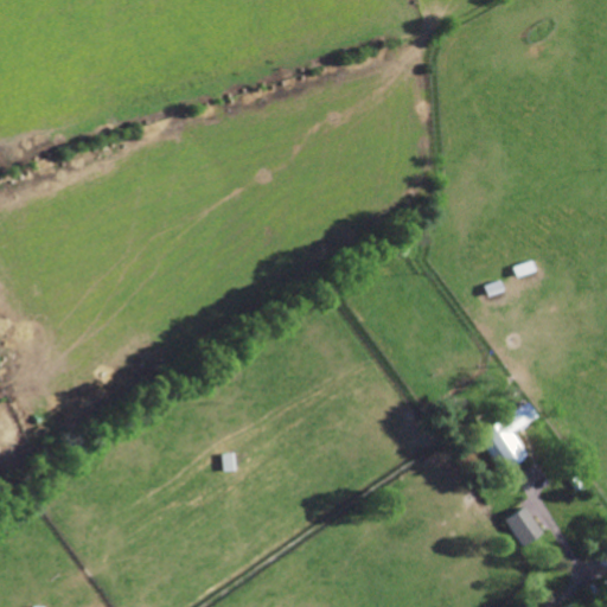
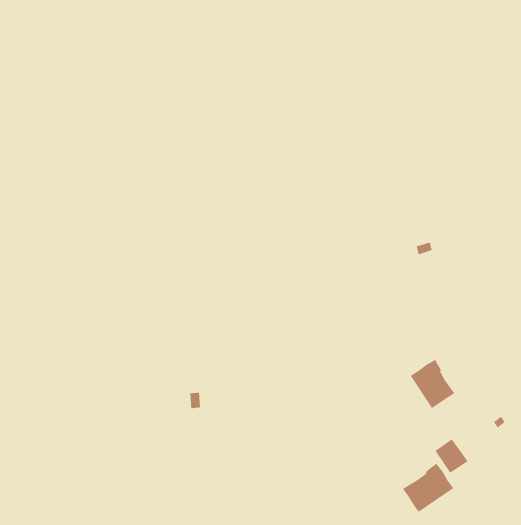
building: none -> [402,463,454,513]

